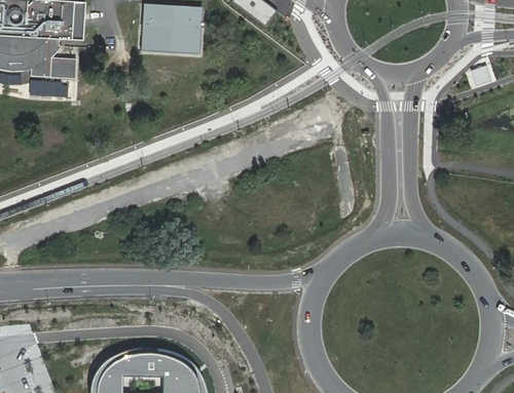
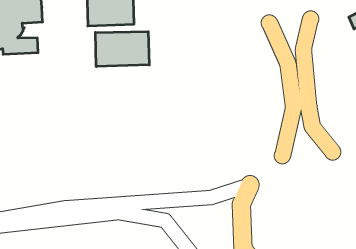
building: none -> [95,32,149,67]

